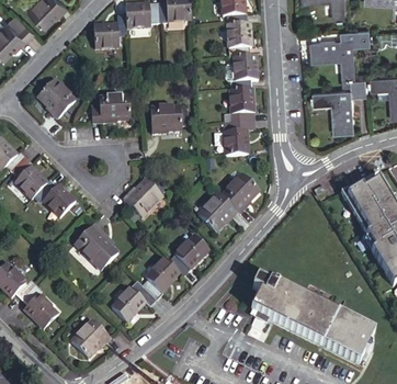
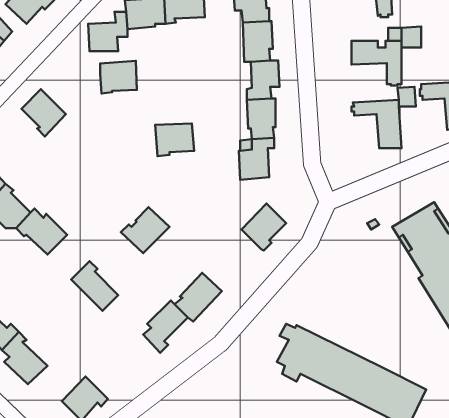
building: [90,95,121,123] -> [100,61,137,94]
building: [198,195,237,233] -> none
building: [106,284,152,321] -> none

